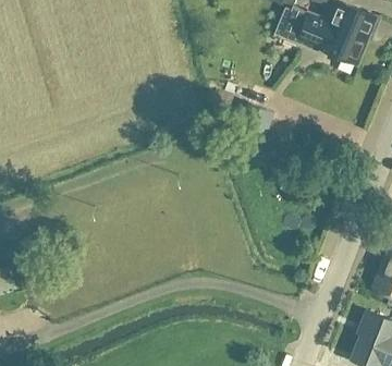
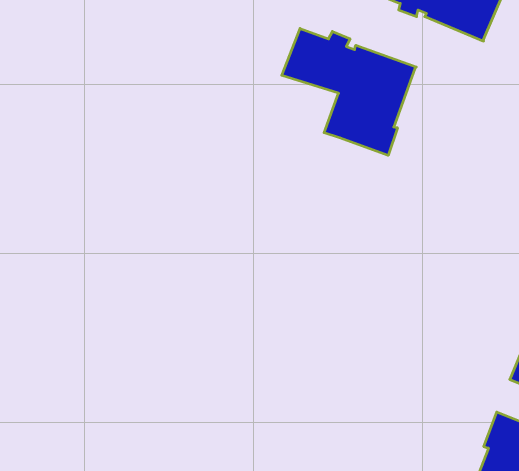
building: none -> [282,28,416,155]

